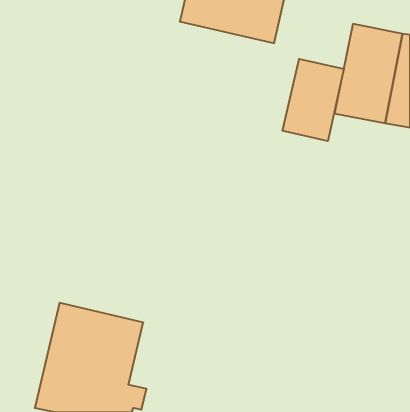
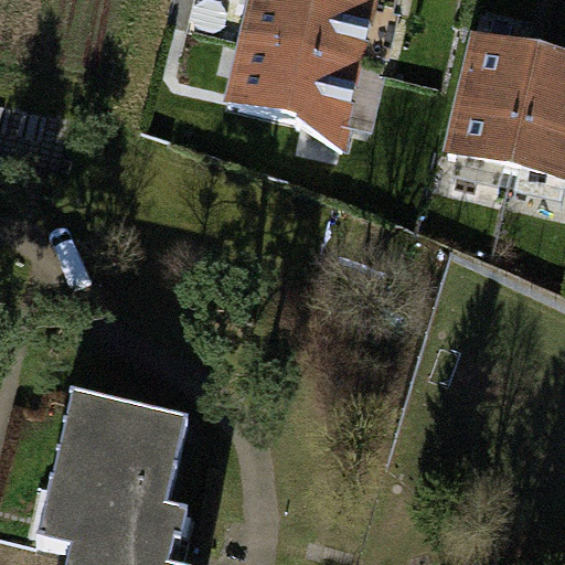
building: none -> [226,29,365,119]
building: [282,59,344,141] -> none

